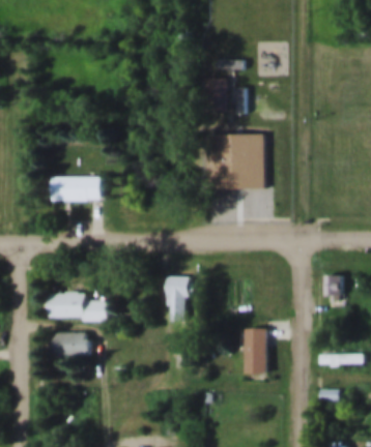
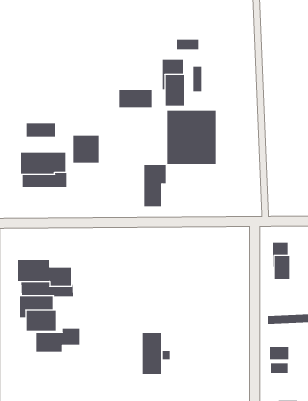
building: none -> [119,89,152,108]
building: none -> [26,123,55,137]
building: none -> [73,135,99,163]
building: [166,276,191,322] -> [144,165,167,207]
building: [244,328,265,374] -> [142,332,162,374]
building: none -> [36,328,80,352]

